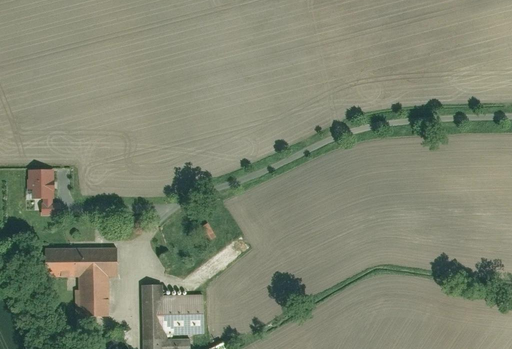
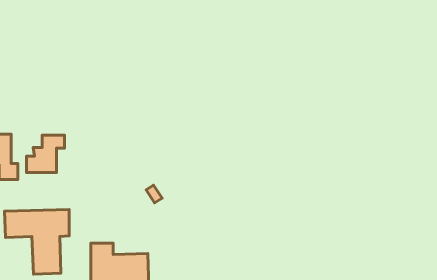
building: none -> [27,135,64,173]

